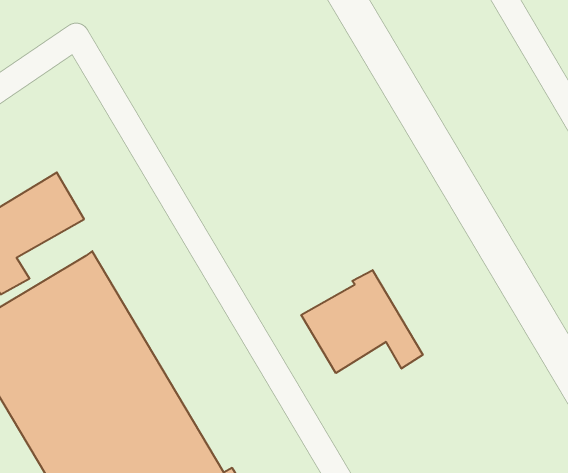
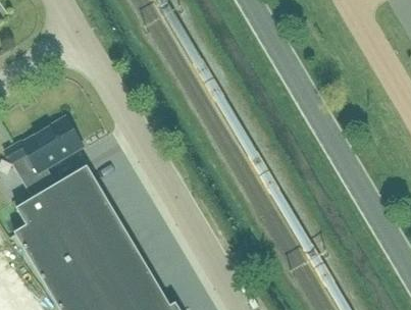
building: [301,270,423,373] -> none

